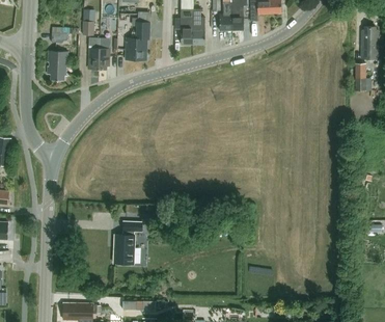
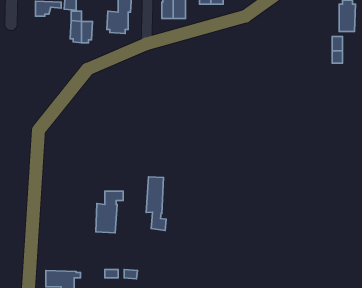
building: [47,51,65,80] -> none
building: none -> [146,177,166,231]

